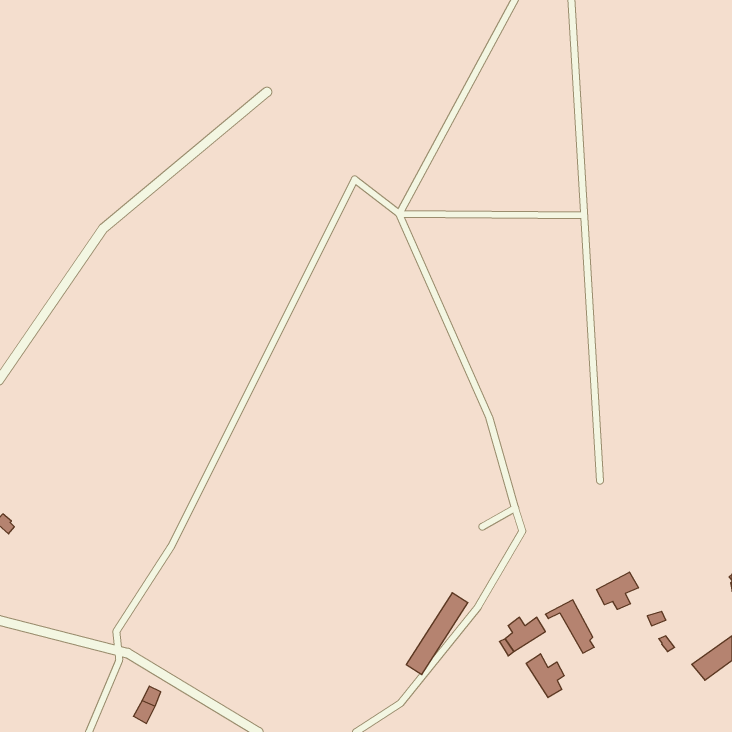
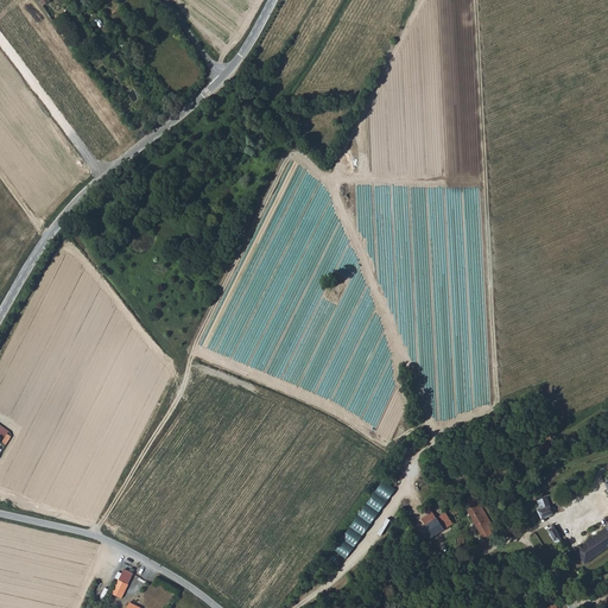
building: [597,572,638,609] -> none
building: [526,654,564,698] -> none

